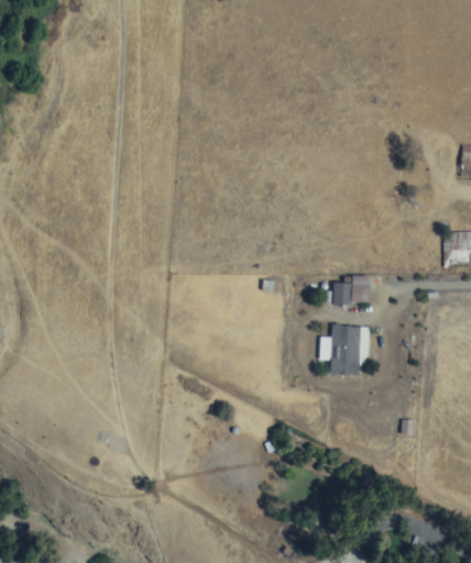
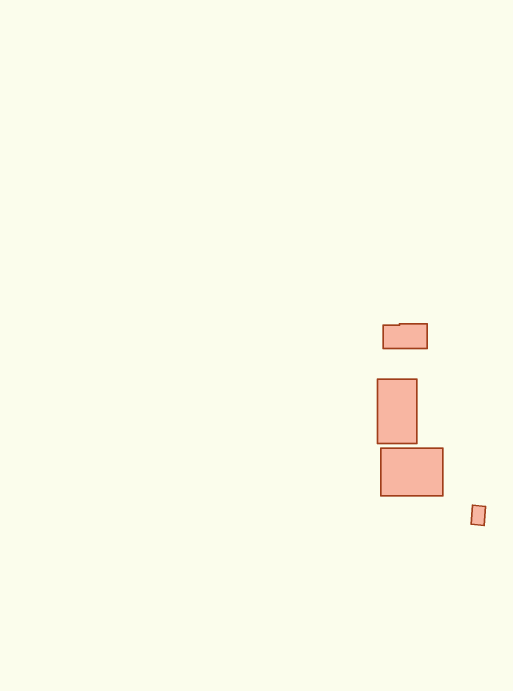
building: none -> [381,448,443,496]

